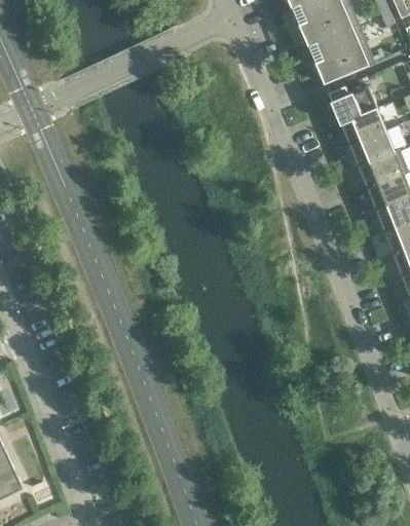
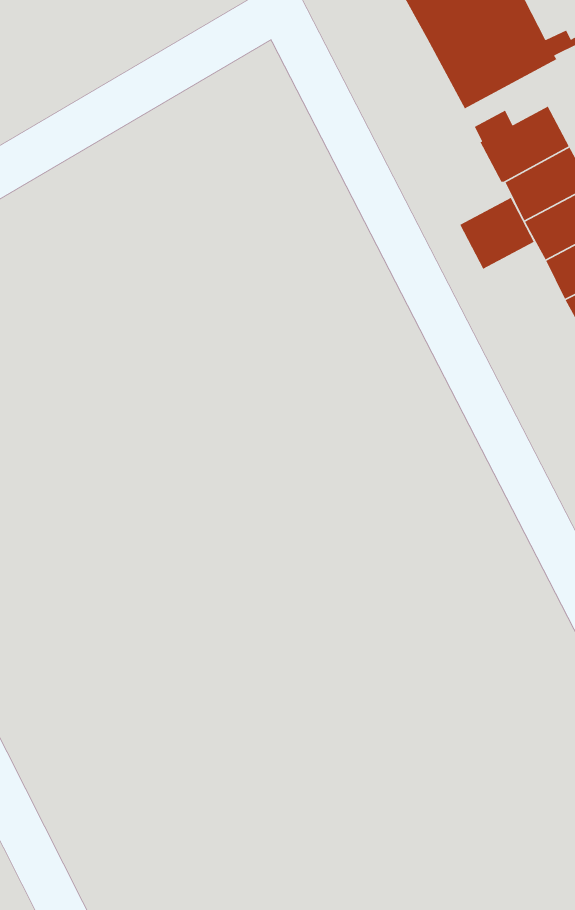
building: none -> [459,197,535,270]

